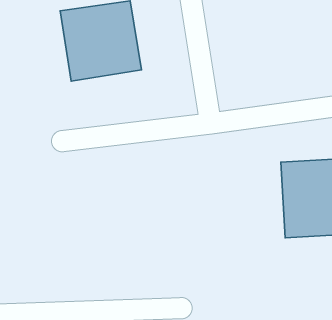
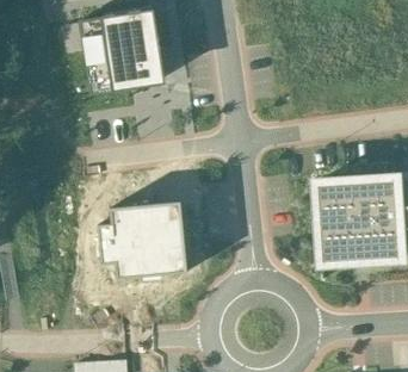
building: none -> [100,202,190,279]

